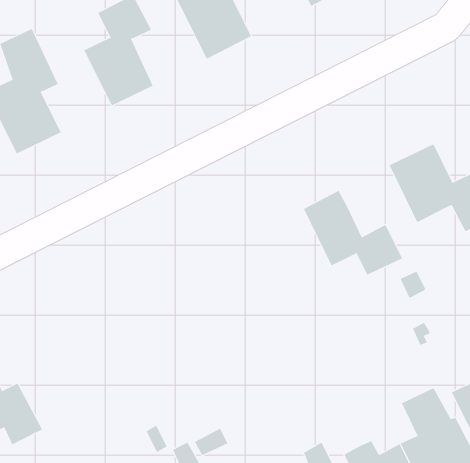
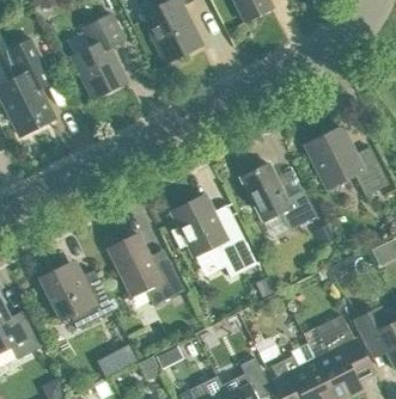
building: none -> [171,195,251,268]
building: none -> [108,233,184,305]
building: none -> [39,258,114,329]

